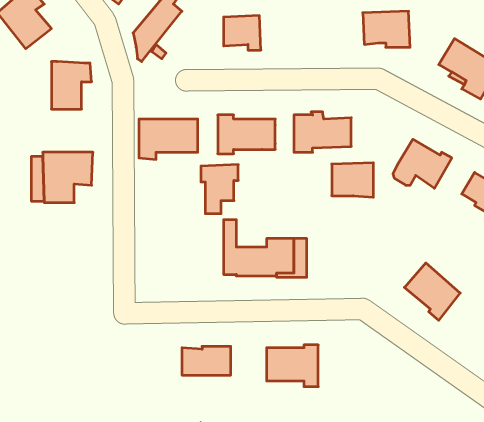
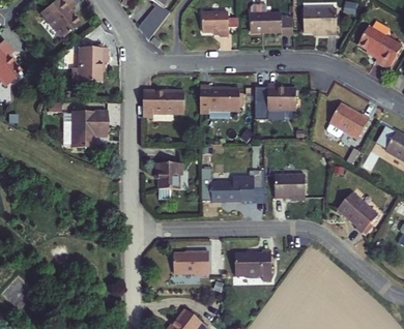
building: none -> [252,7,293,37]
building: [332,163,373,197] -> [276,171,306,196]
building: [201,165,238,214] -> [156,161,183,197]

